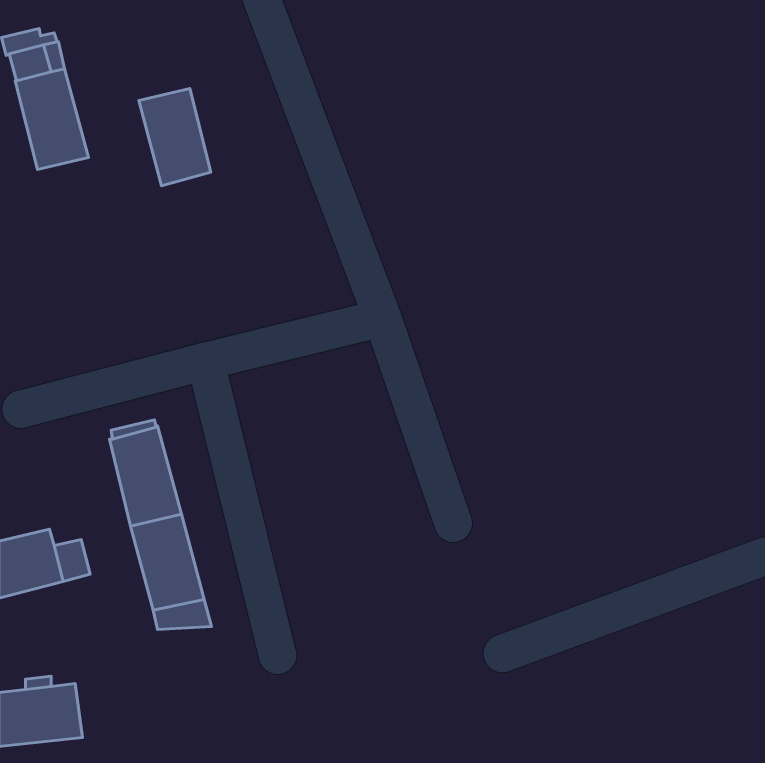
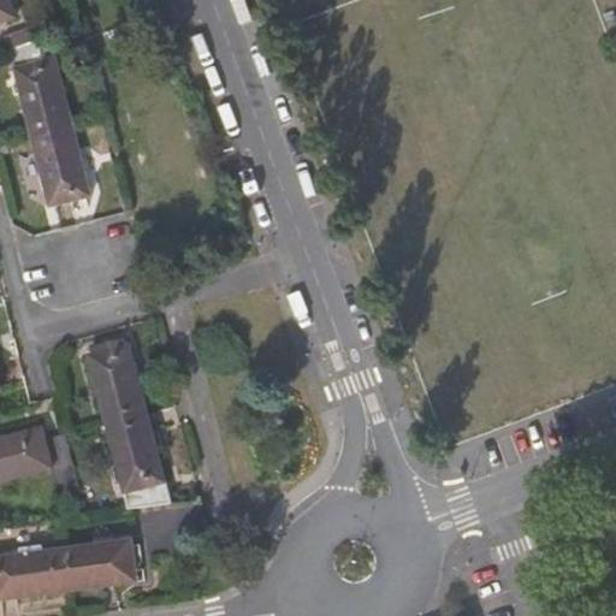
building: [139,88,211,186] -> [30,126,88,205]
building: none -> [60,539,137,592]

